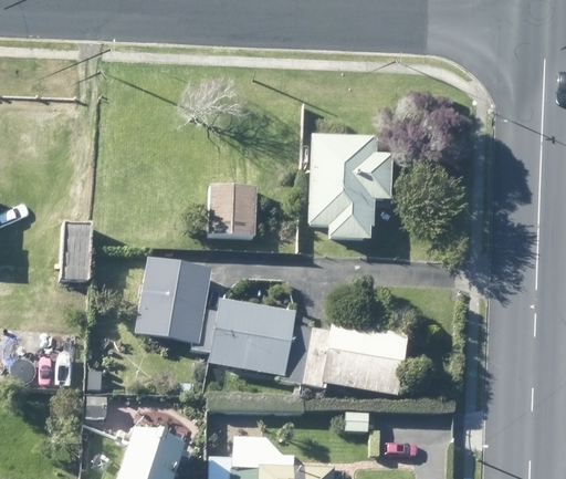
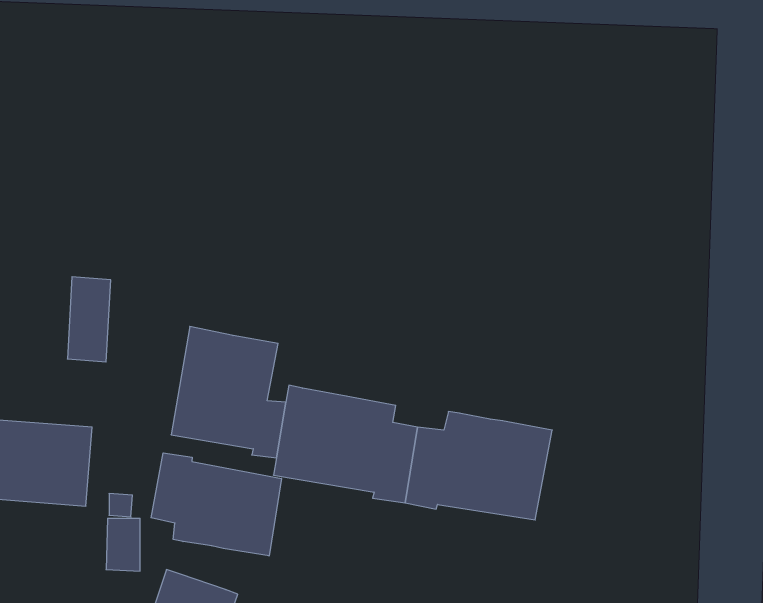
building: [307,137,391,240] -> none
building: [210,184,256,236] -> none
building: none -> [151,453,281,556]

